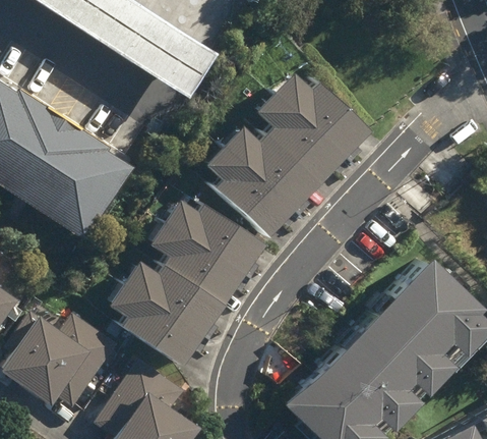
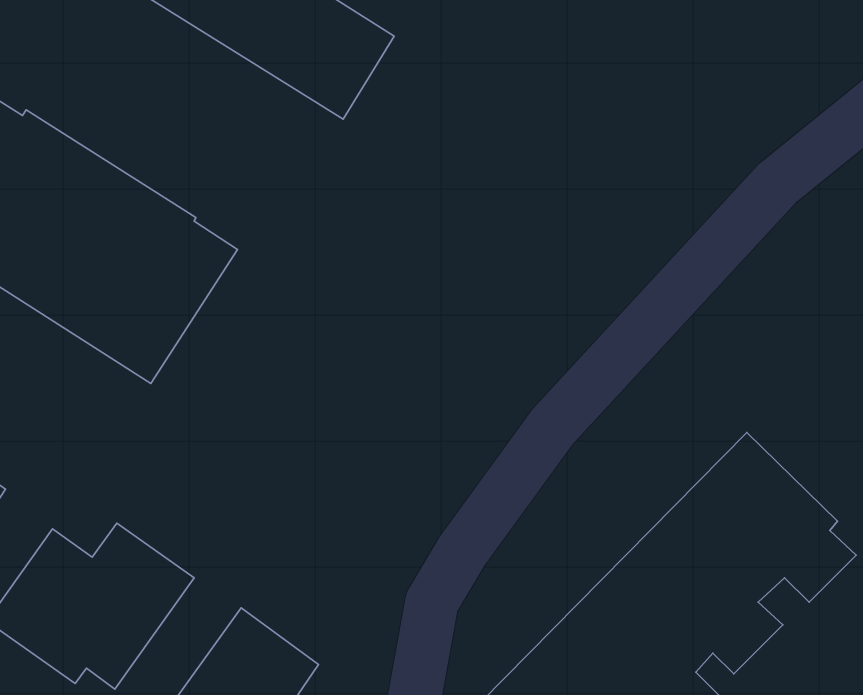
building: [207,77,365,233] -> none
building: [111,205,260,363] -> none

